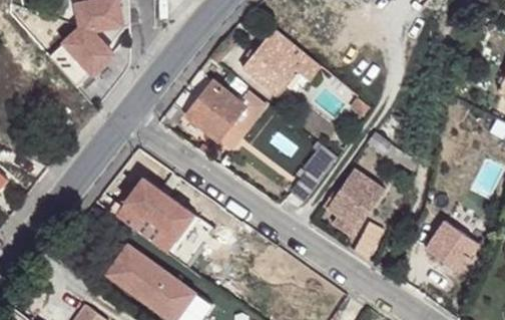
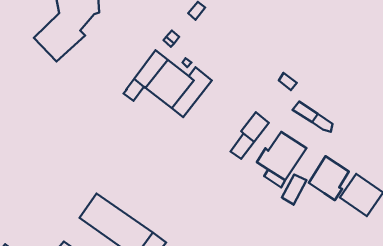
building: [241,28,322,95] -> none
building: [115,179,194,253] -> none
building: none -> [309,156,349,200]

